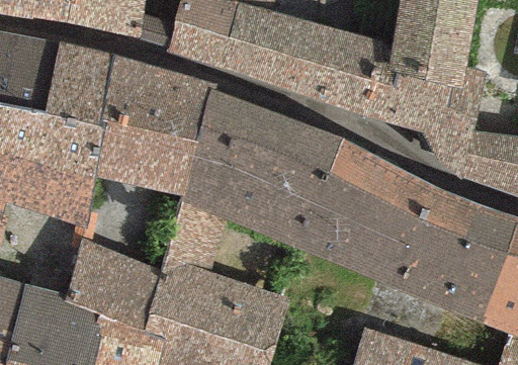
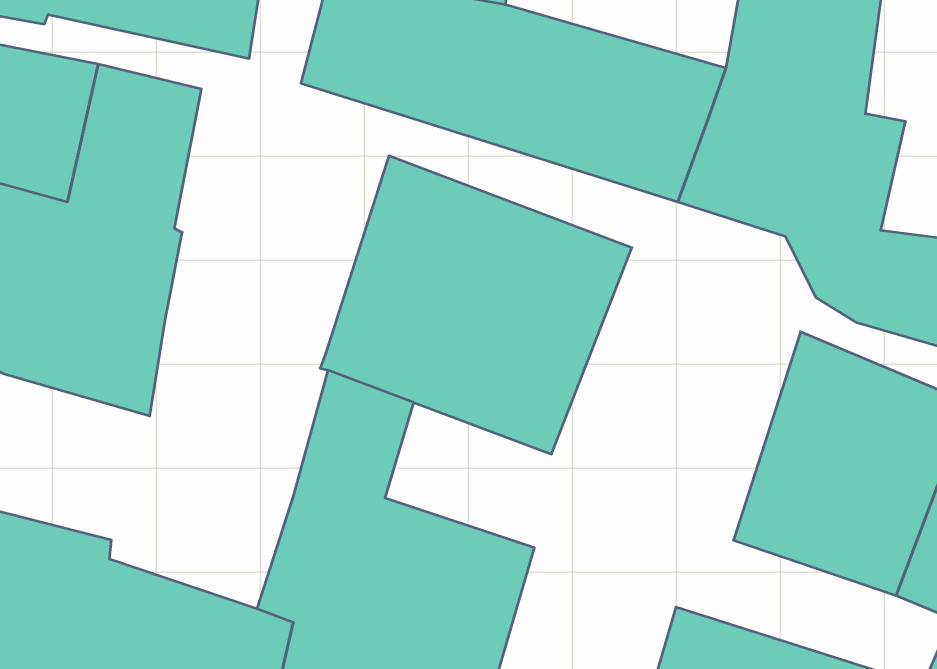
building: [95,55,215,194] -> none
building: [299,139,431,293] -> none
building: [66,239,163,330] -> none

